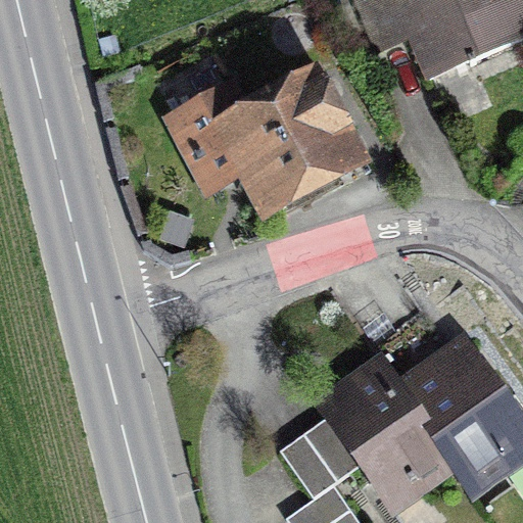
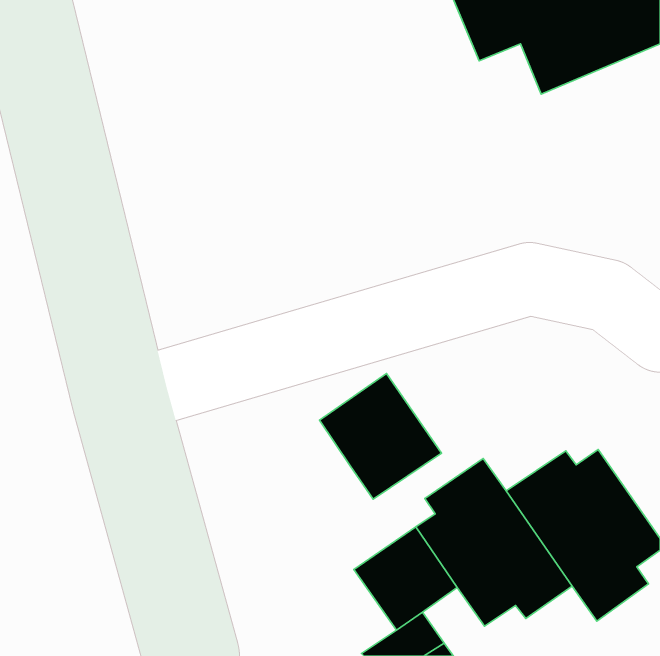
building: [175,79,347,200] -> none
building: none -> [320,374,442,499]

